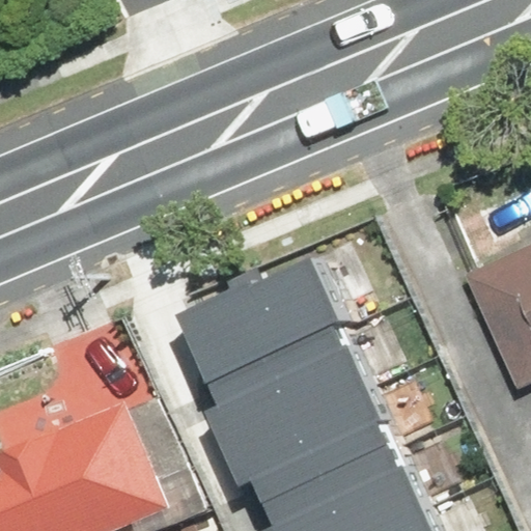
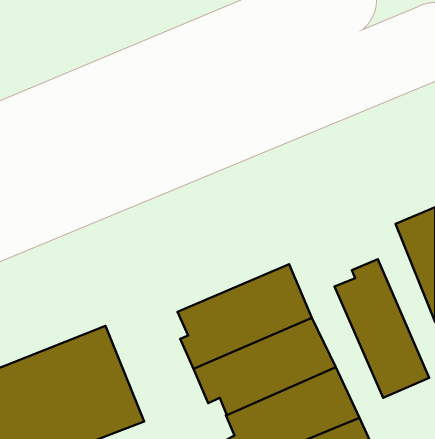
building: [183,257,347,380] -> none
building: none -> [335,259,429,398]

